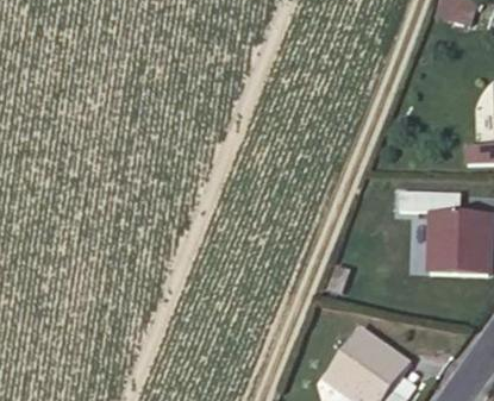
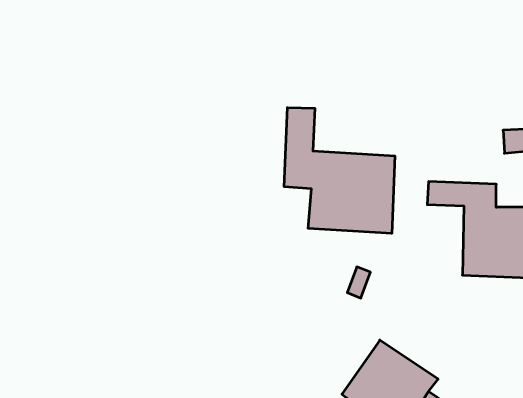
building: none -> [284,108,395,233]

